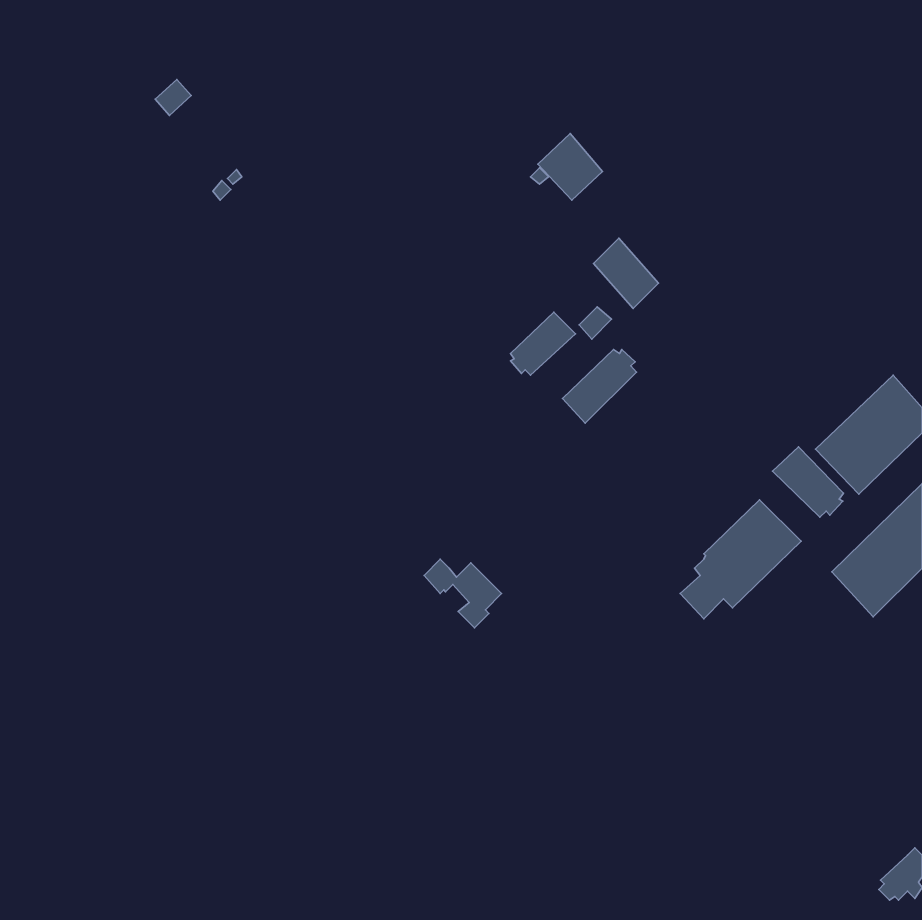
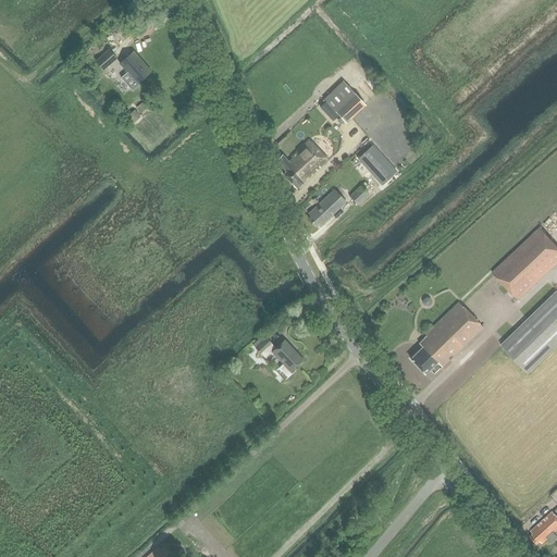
building: none -> [120,51,150,83]
building: none -> [276,139,327,188]
building: [562,350,636,423] -> none
building: [773,447,843,517] -> none

